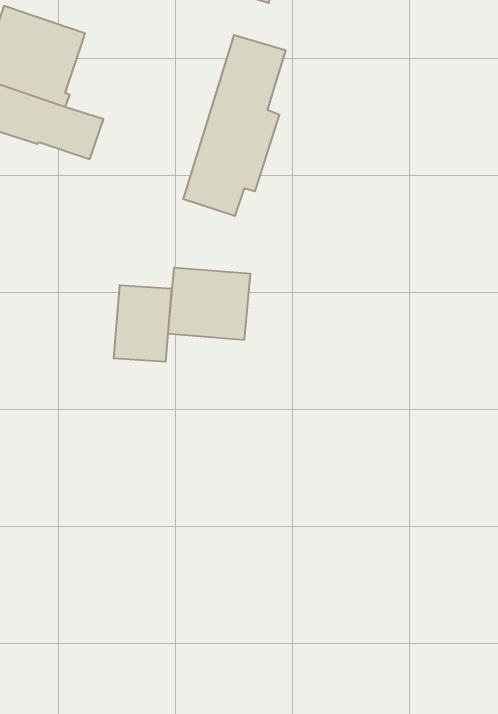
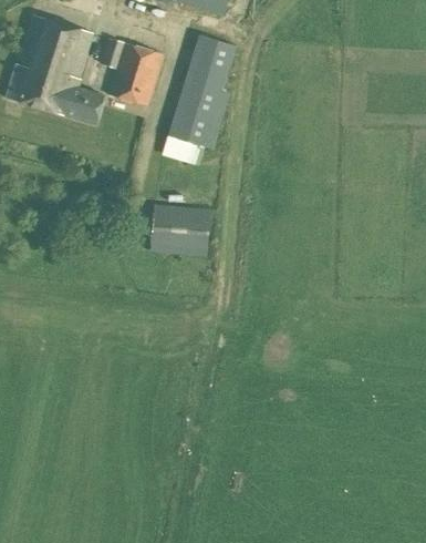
building: none -> [101,38,163,105]
building: [114,285,171,362] -> none

